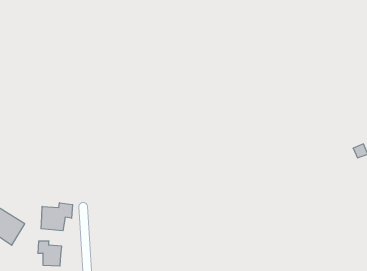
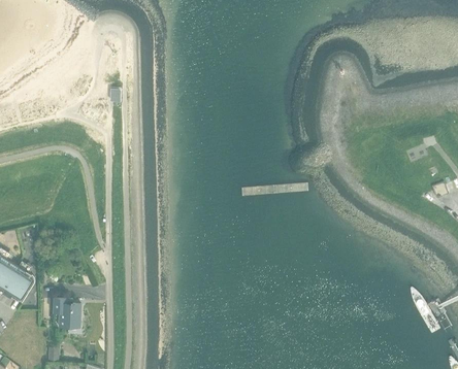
building: [41,203,73,231] -> none

